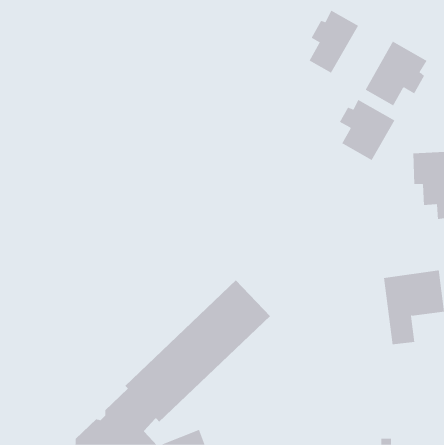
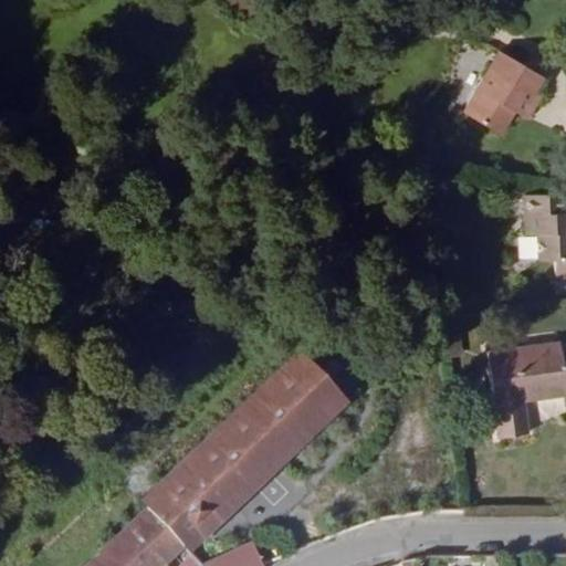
building: [309,10,359,74] -> none
building: [339,99,395,161] -> none

